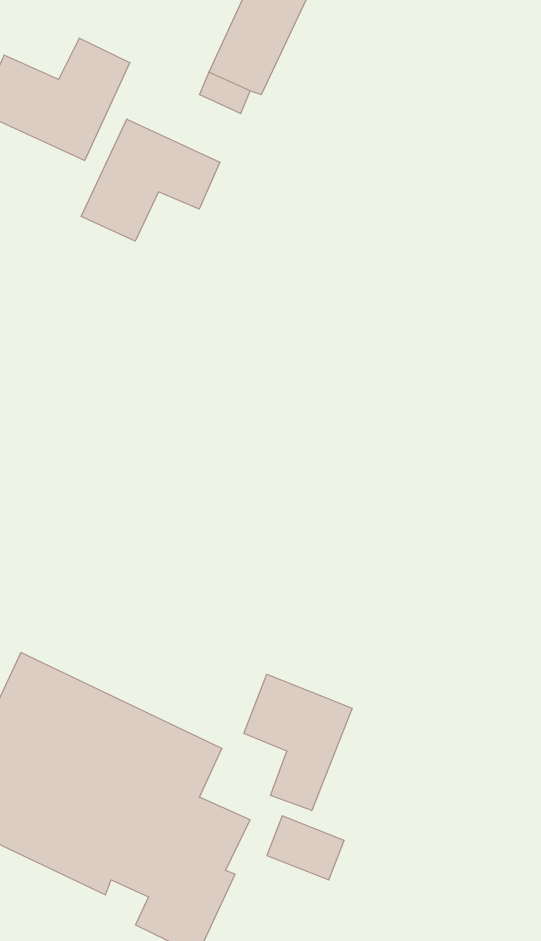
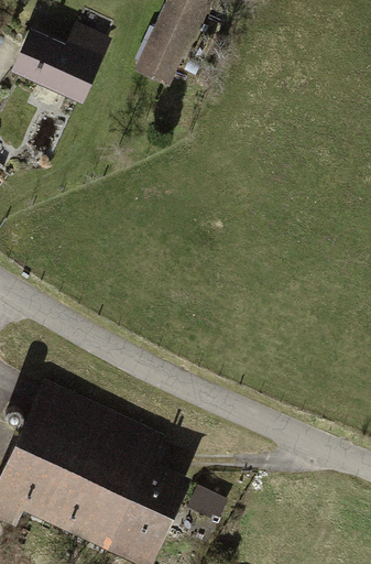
building: [81,119,220,241] -> none
building: [244,674,352,811] -> none

